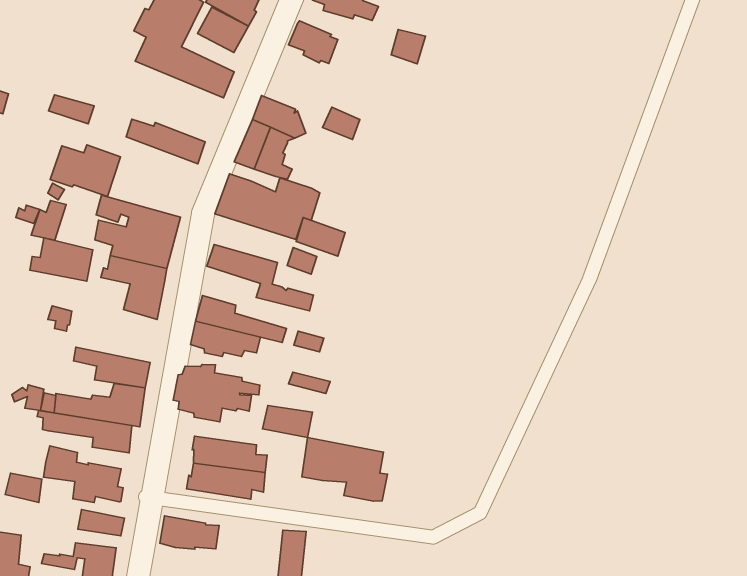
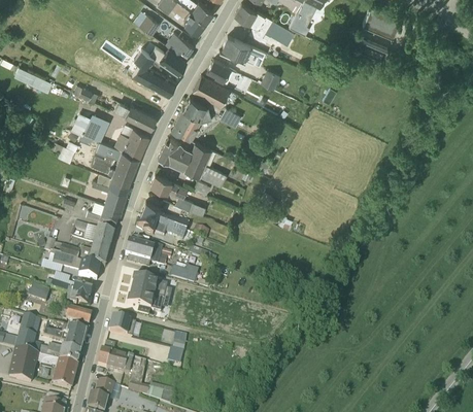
building: none -> [192,76,229,107]
building: none -> [112,126,148,159]
building: [30,238,93,281] -> [85,203,120,229]
building: [302,438,387,501] -> none

